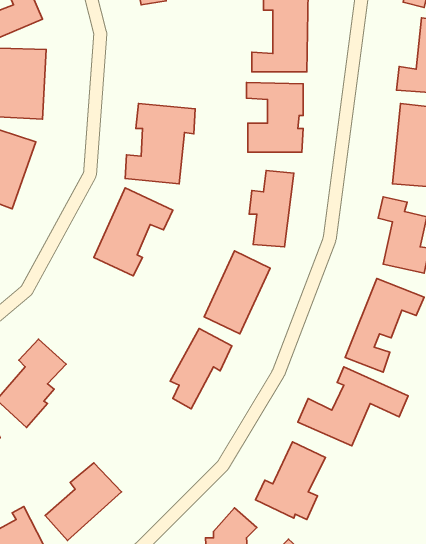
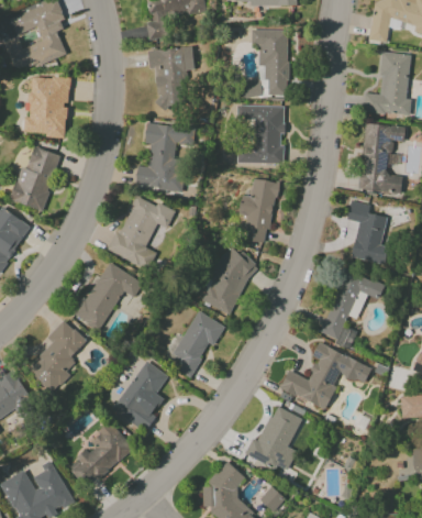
building: none -> [147,46,193,108]
building: none -> [75,262,143,331]
building: none -> [112,361,167,432]

